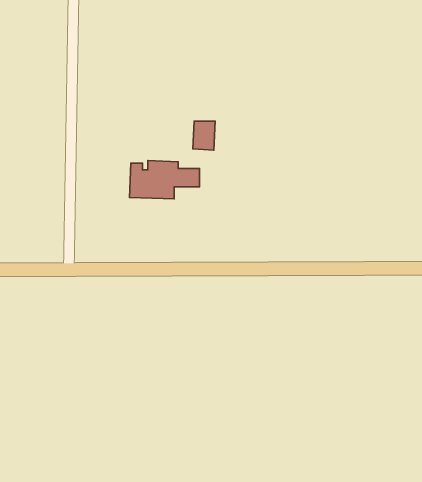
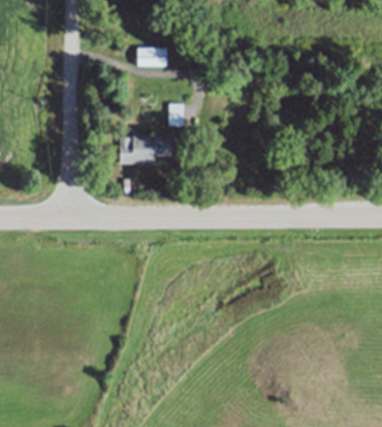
building: none -> [135,49,167,66]

